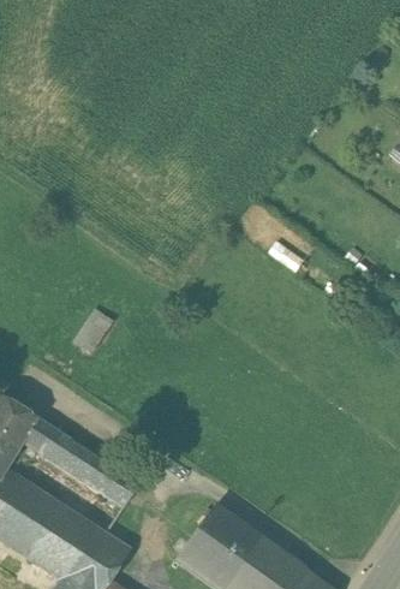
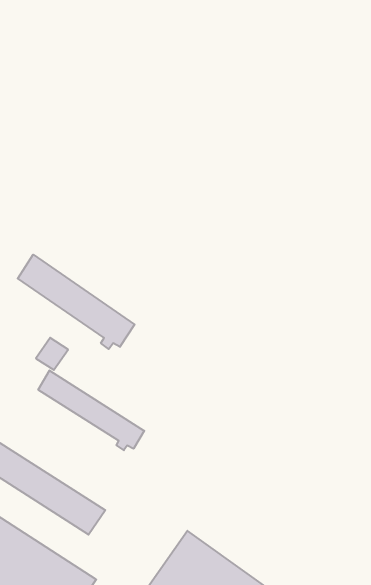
building: none -> [18,255,135,349]
building: none -> [38,370,144,450]

